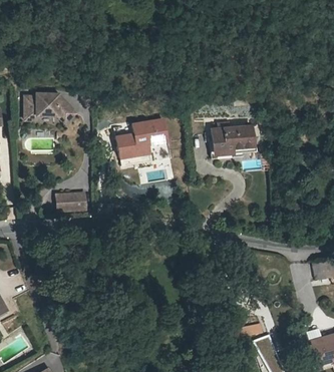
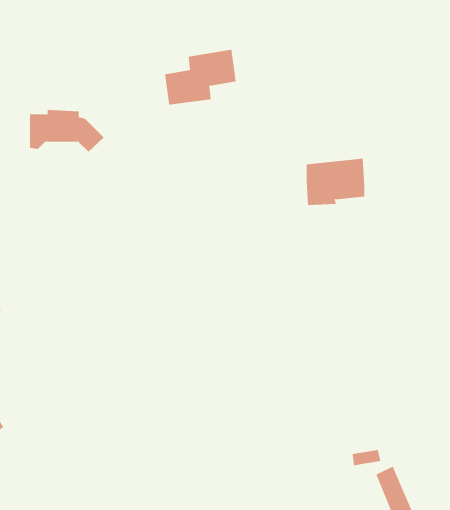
building: [114,118,163,156] -> [164,49,237,105]
building: [55,193,84,211] -> none

